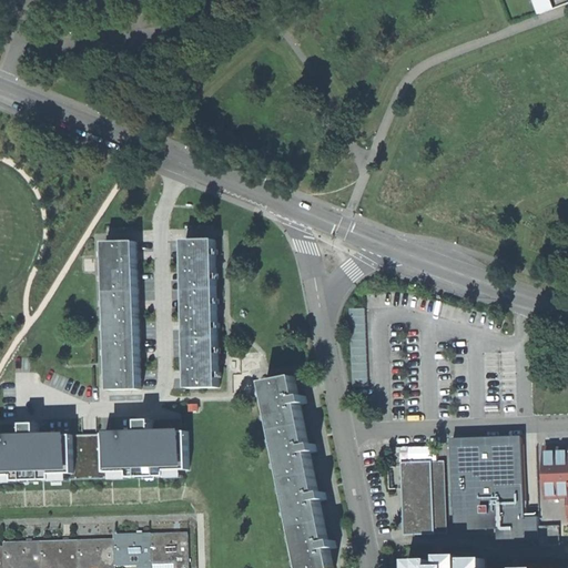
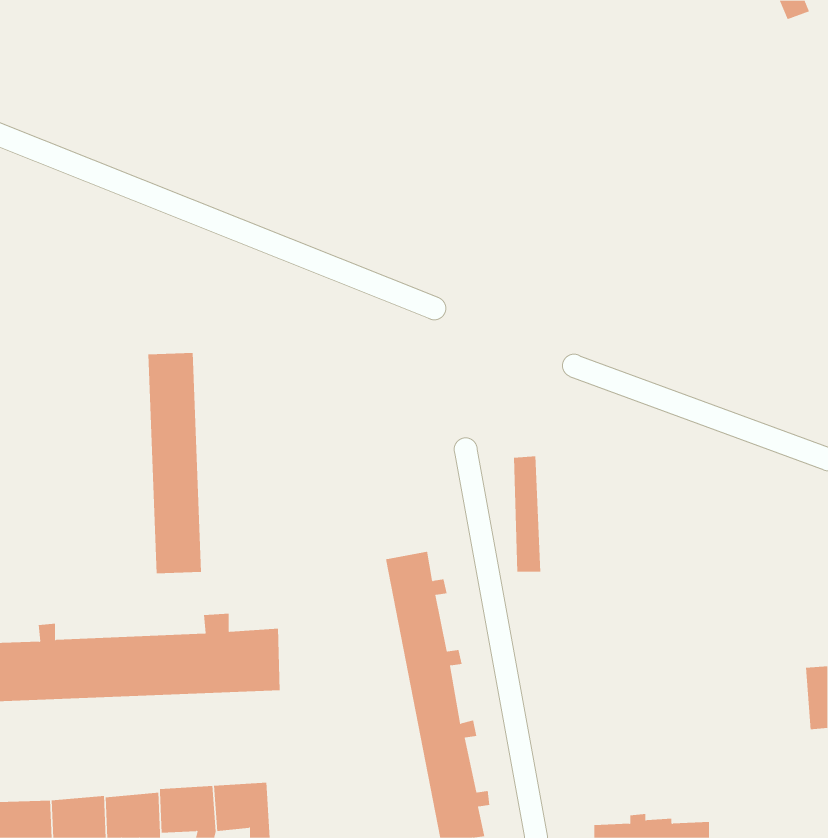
building: [179,236,213,385] -> none
building: [447,438,534,541] -> none
building: [398,460,443,531] -> none

